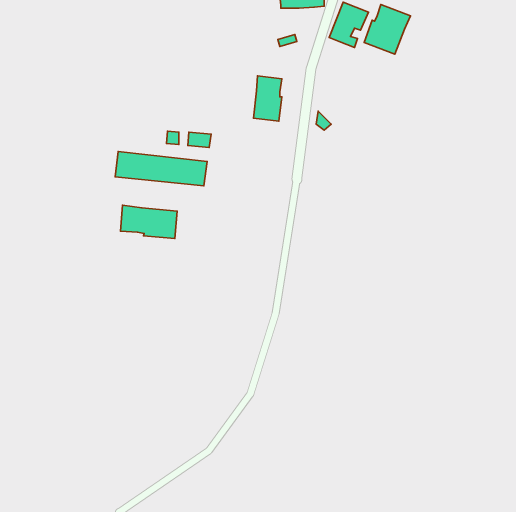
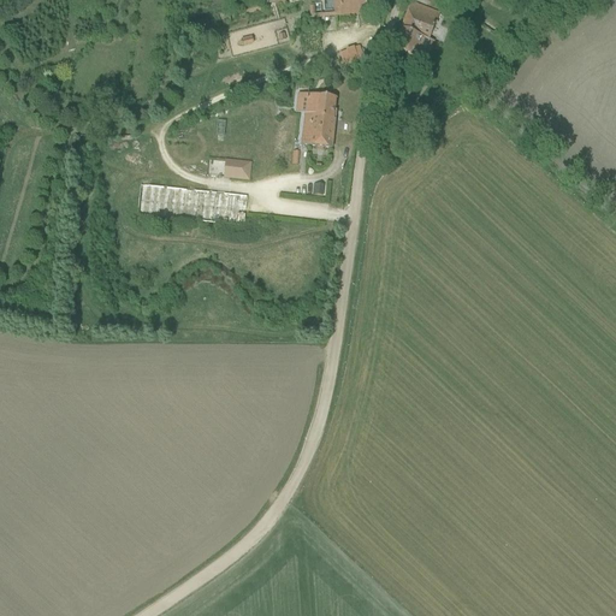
building: [364,5,410,54] -> none
building: [121,205,177,238] -> none

